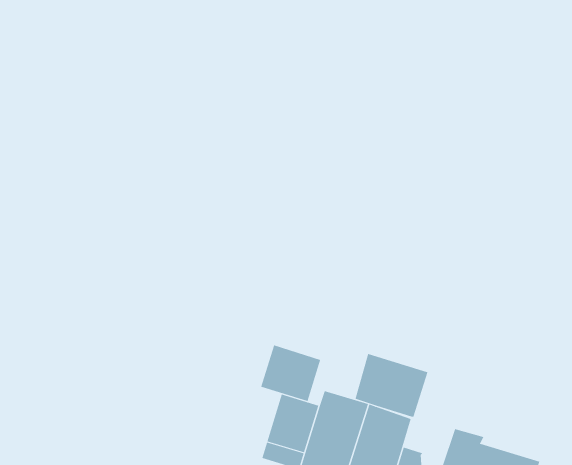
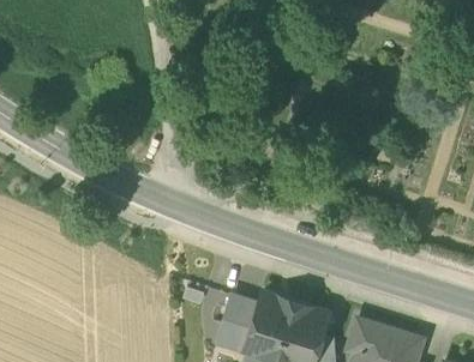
building: [261,345,321,402] -> none
building: [355,353,428,418] -> none

